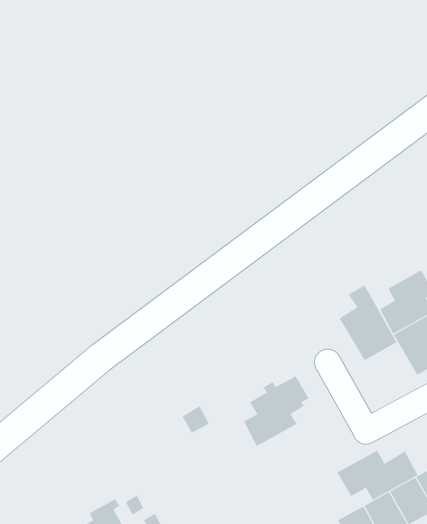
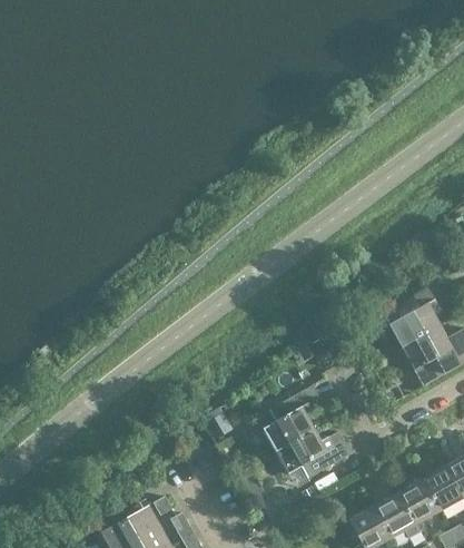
building: [339,284,397,361] -> none
building: [336,450,418,500] -> [276,431,352,478]

